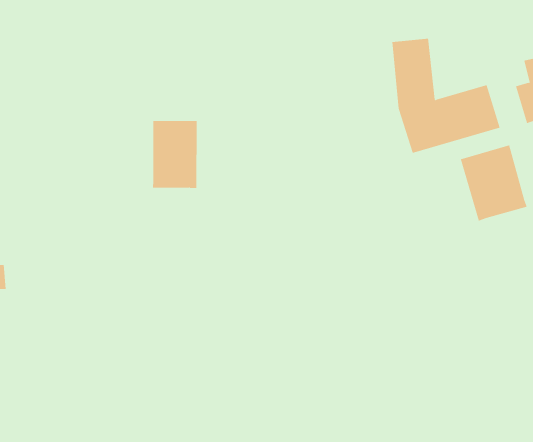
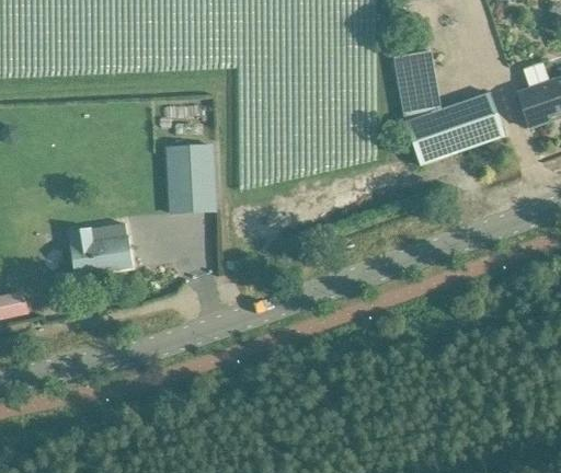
building: [460,145,527,221] -> none
building: none -> [68,229,131,275]

